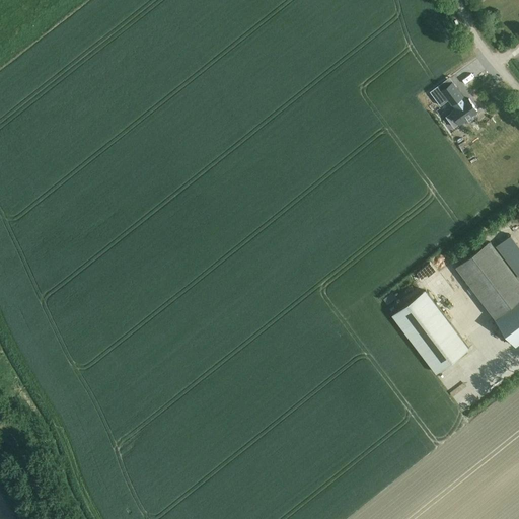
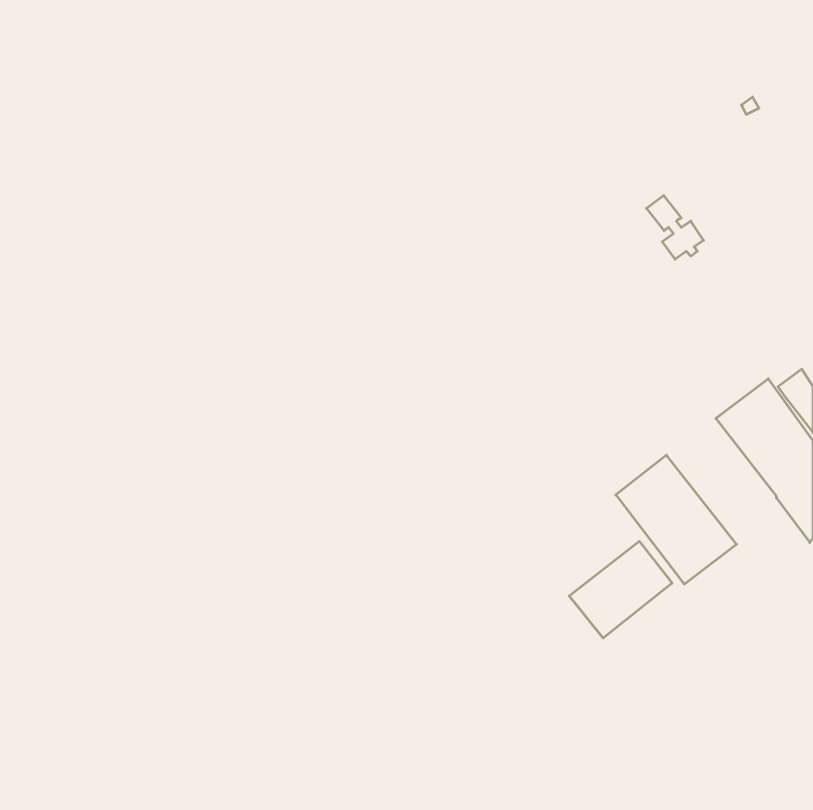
building: [441,84,477,125] -> [646,196,704,259]
building: none -> [569,541,672,638]

